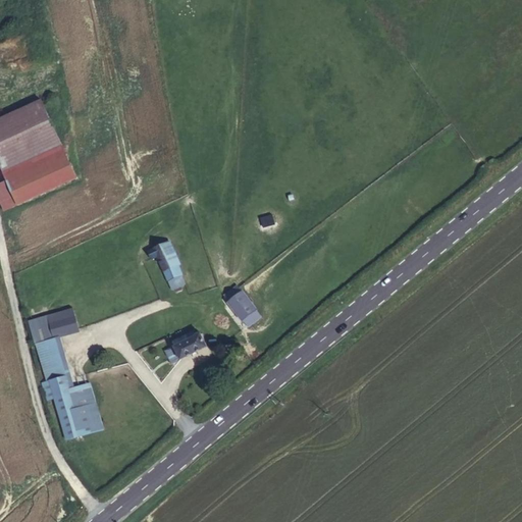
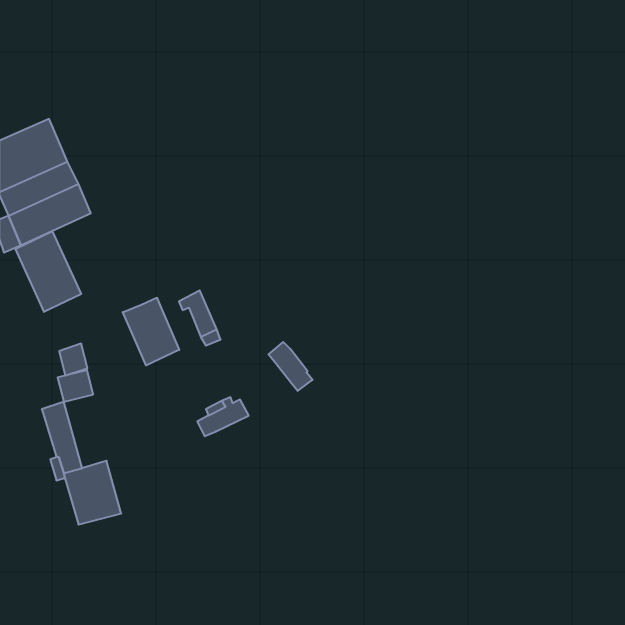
building: none -> [15,231,81,312]
building: none -> [123,298,179,365]
building: [30,314,53,341] -> [59,344,87,376]

